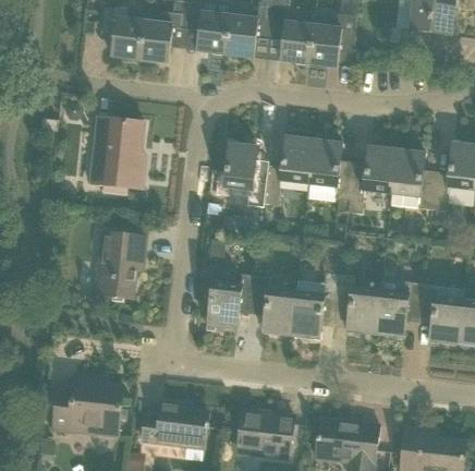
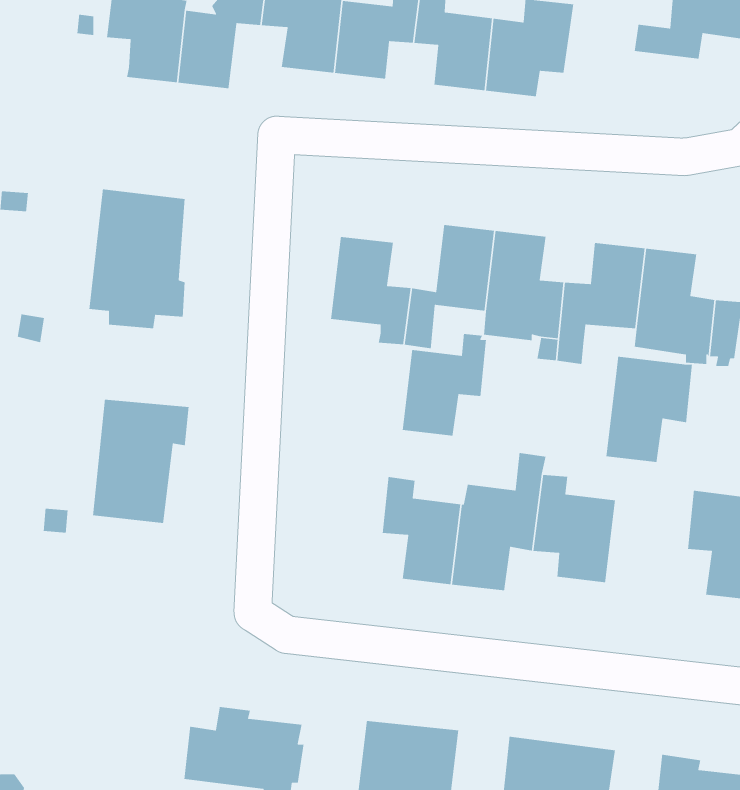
building: [208,271,255,328] -> [402,333,487,436]
building: [375,278,423,337] -> [606,356,693,463]
building: [53,374,123,435] -> none

